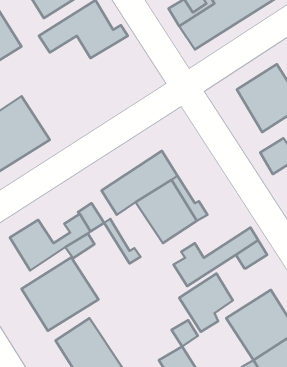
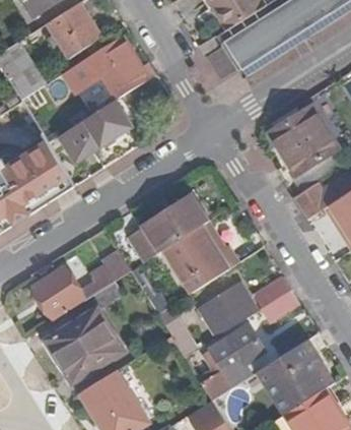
building: none -> [59,101,130,162]

